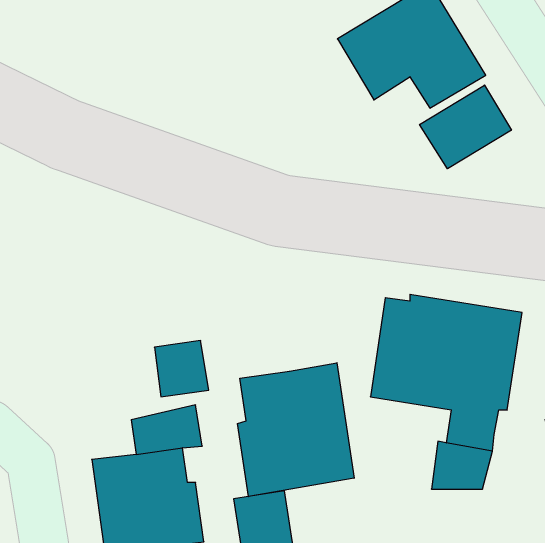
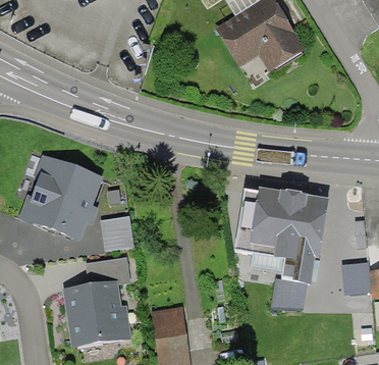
building: [420,85,511,169] -> none
building: none -> [19,156,100,238]
building: [238,363,354,497] -> none

